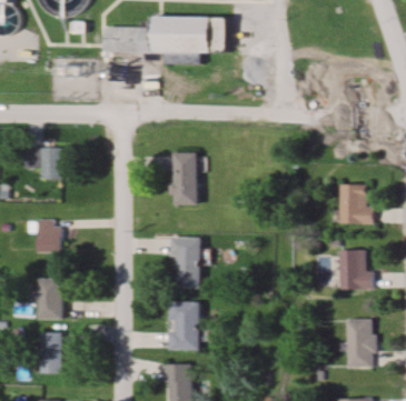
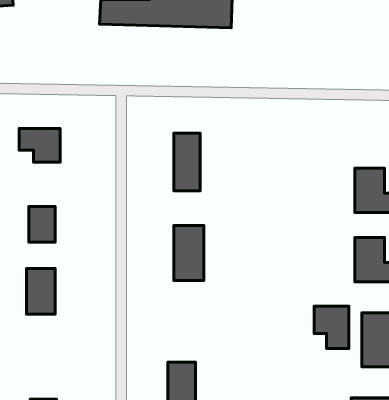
building: [168,302,199,350] -> none
building: none -> [314,306,349,348]
building: [37,333,61,373] -> none

